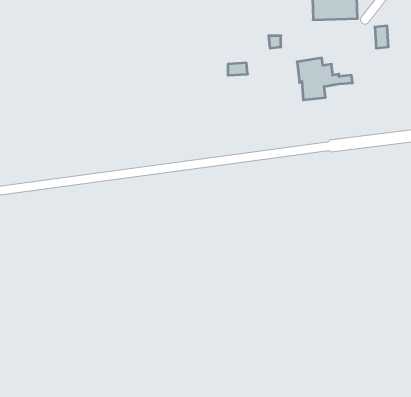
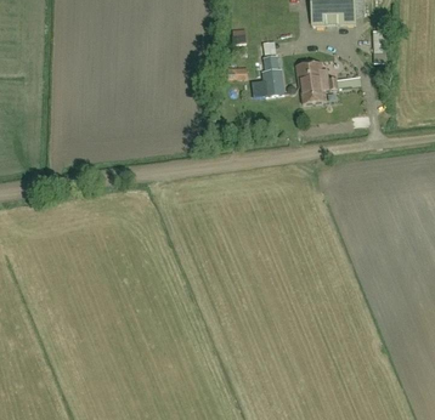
building: none -> [261,53,283,93]

